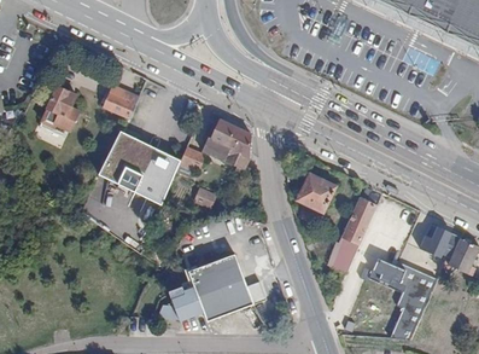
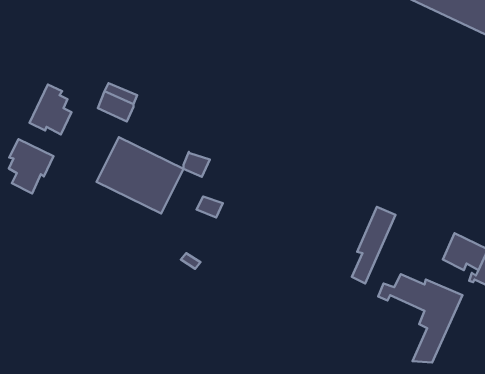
building: [201,118,251,173] -> none
building: none -> [9,139,53,193]
building: [296,173,337,213] -> none
building: [168,253,253,320] -> none

